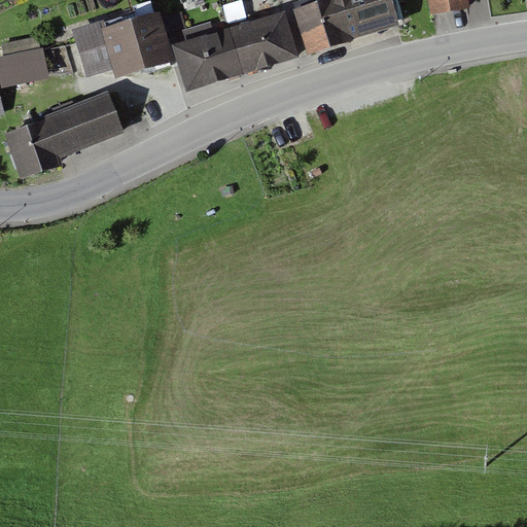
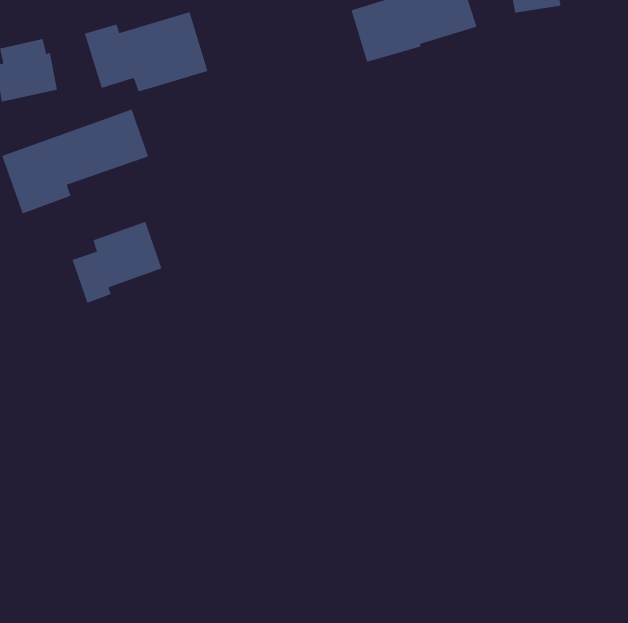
building: [171,9,297,90] -> none
building: none -> [71,221,163,304]

